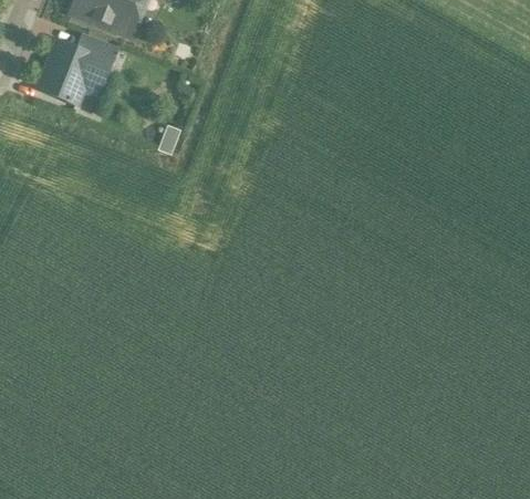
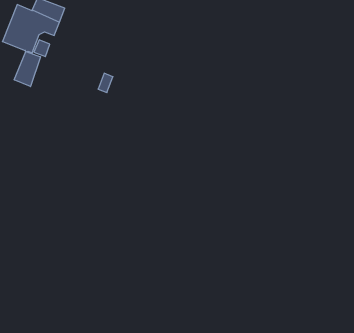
building: none -> [14,51,40,87]

